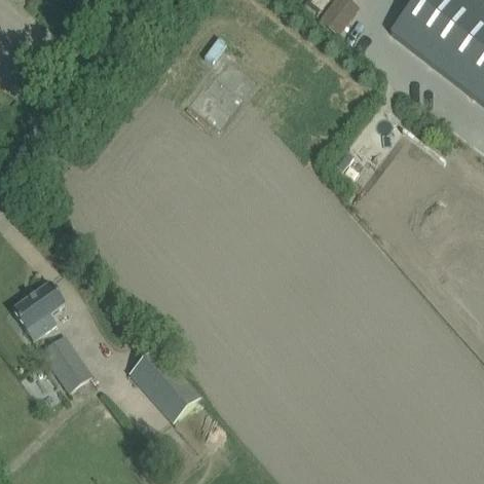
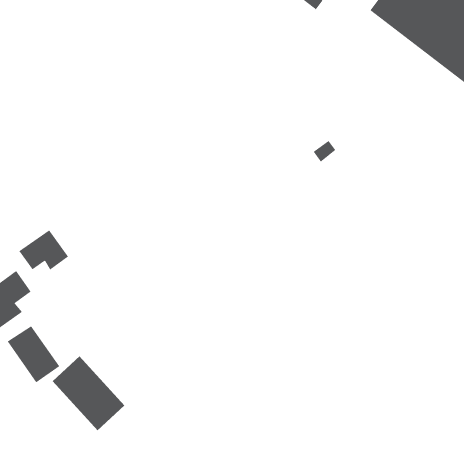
building: none -> [18,230,69,271]
building: [128,348,199,421] -> [52,356,125,431]

